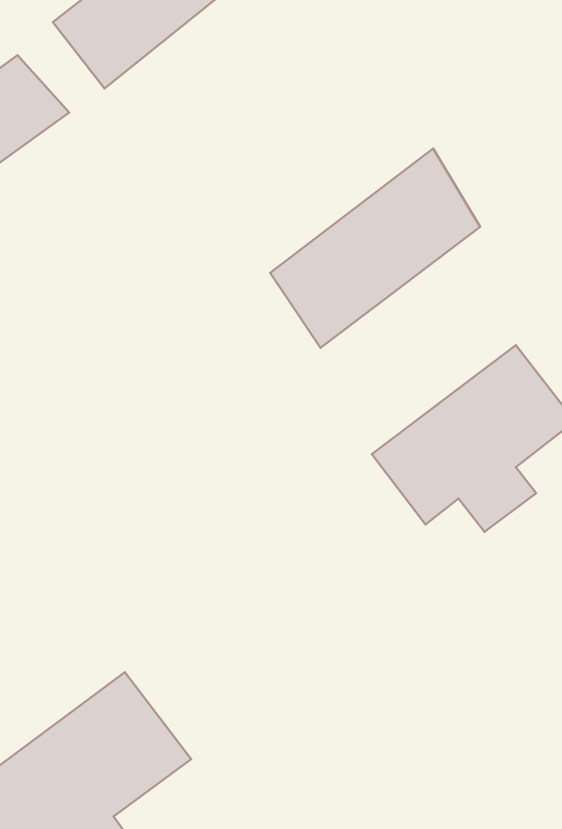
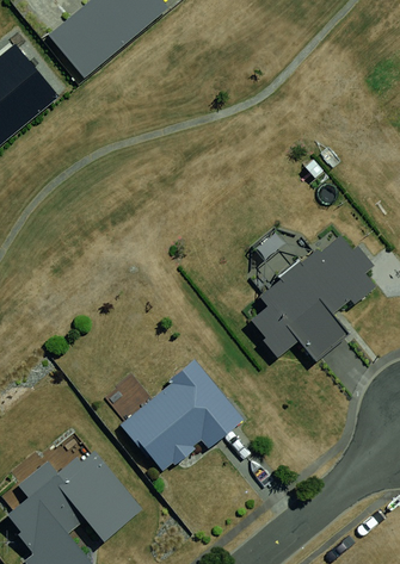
building: [270,148,480,348] -> none
building: none -> [117,360,244,483]

